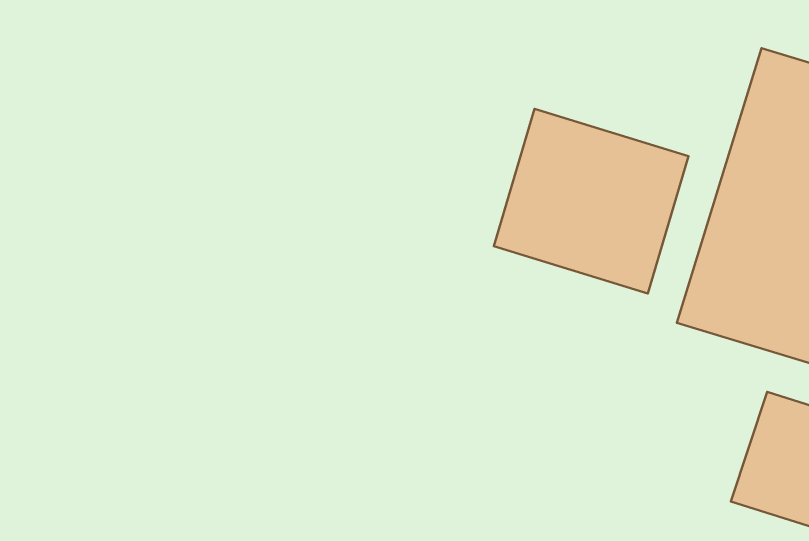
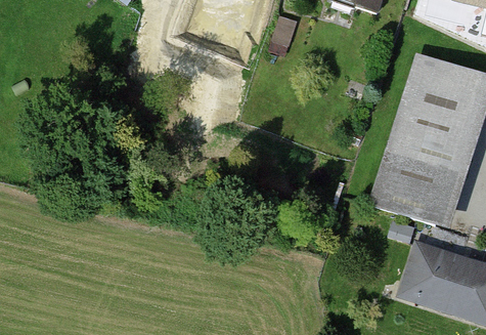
building: [494,109,689,293] -> none

